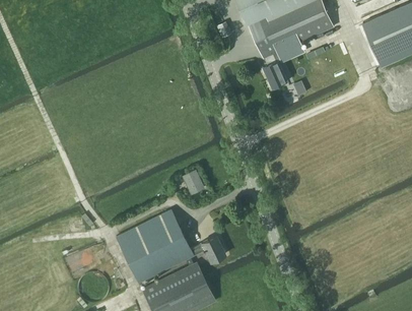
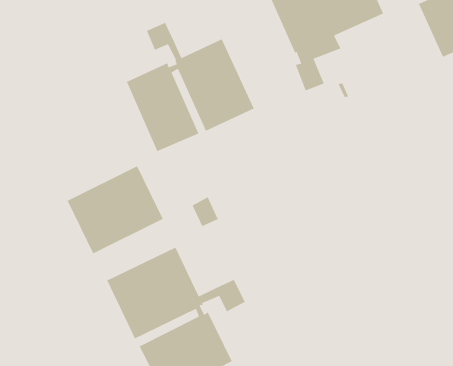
building: none -> [126,22,255,152]
building: none -> [67,165,164,255]

